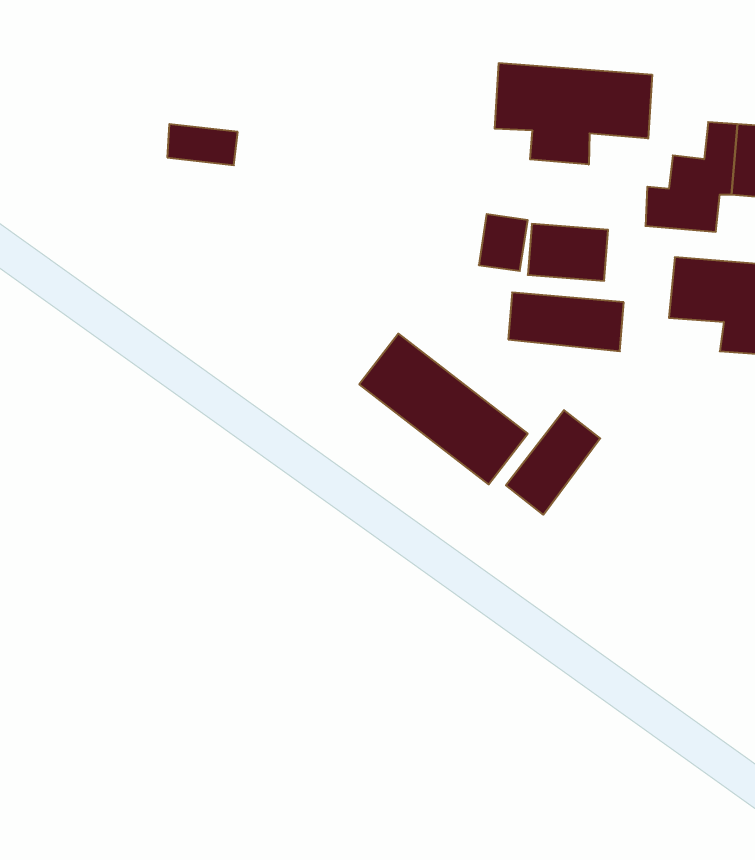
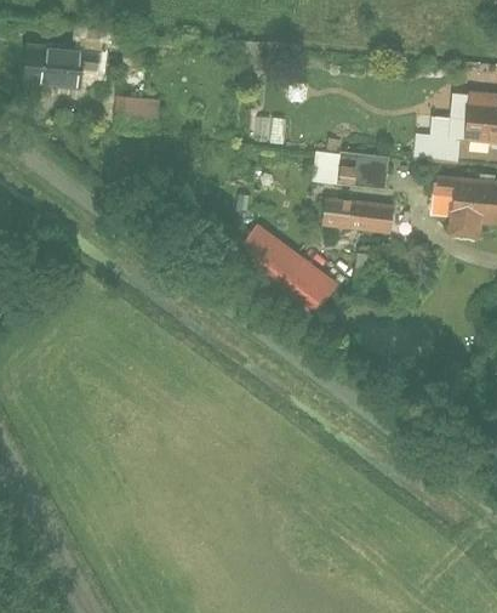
building: none -> [18,44,86,87]
building: [495,63,652,165] -> none
building: [506,410,600,515] -> none

